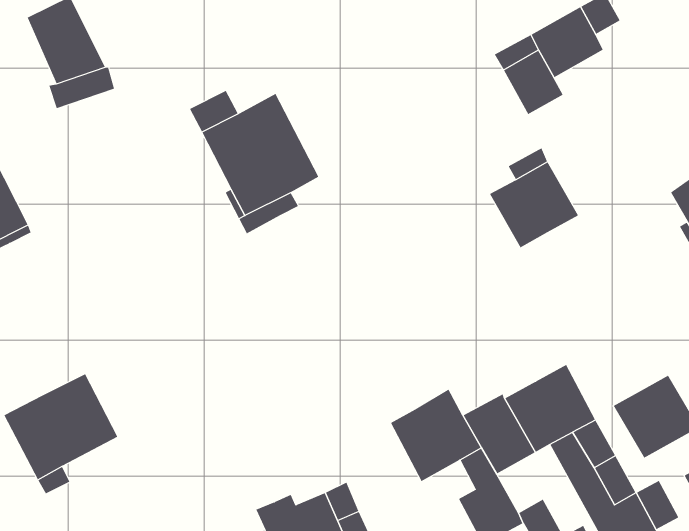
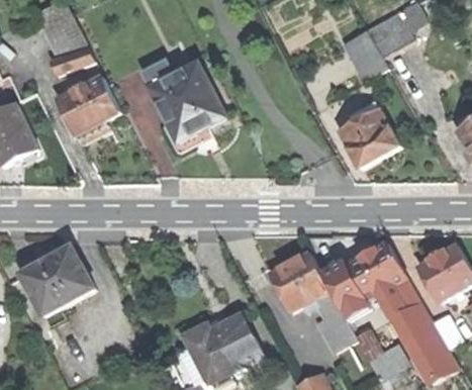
building: none -> [57,78,120,134]

